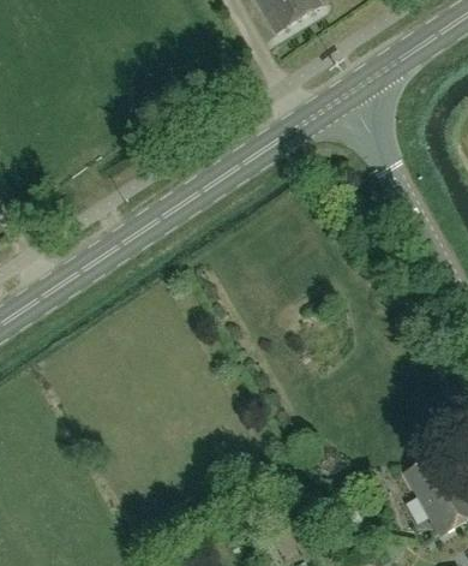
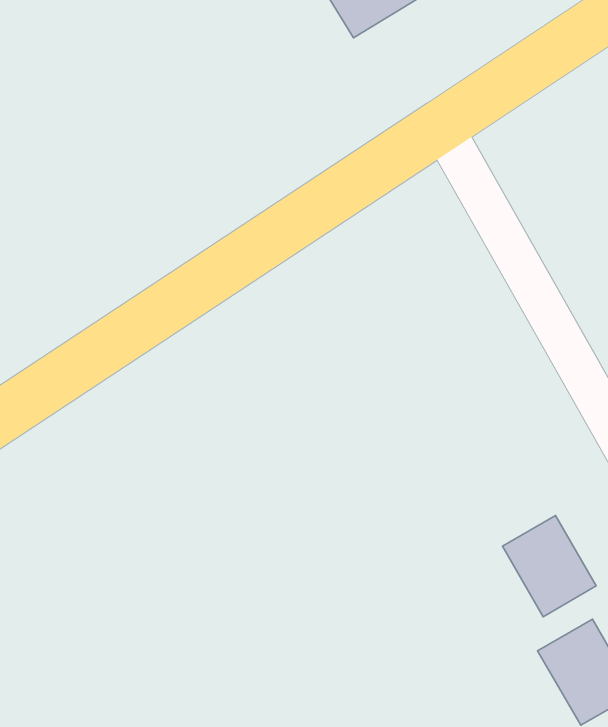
building: none -> [502,516,596,617]

